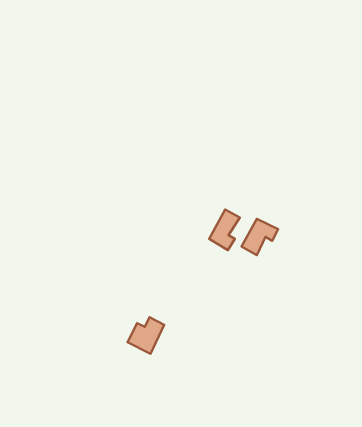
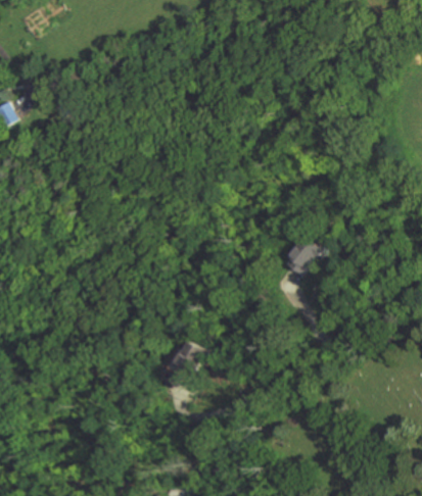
building: [209,210,240,250] -> none

